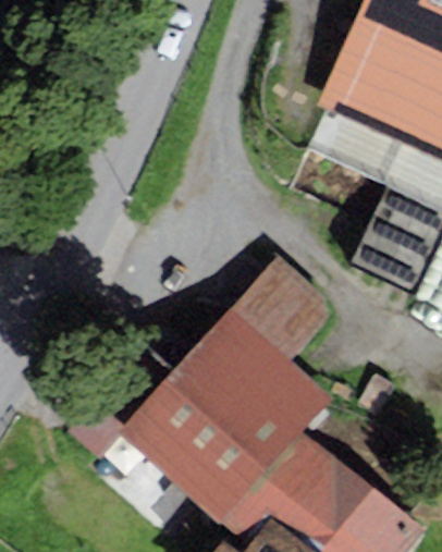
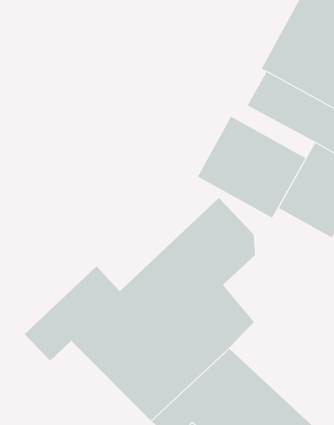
building: none -> [197,116,306,218]

